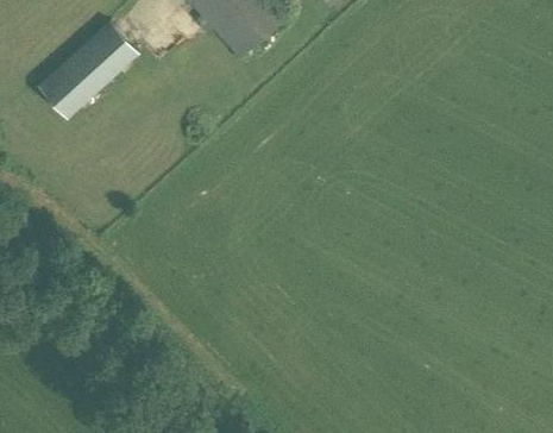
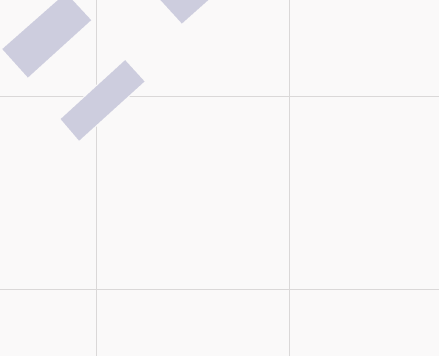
building: none -> [59,59,146,142]

